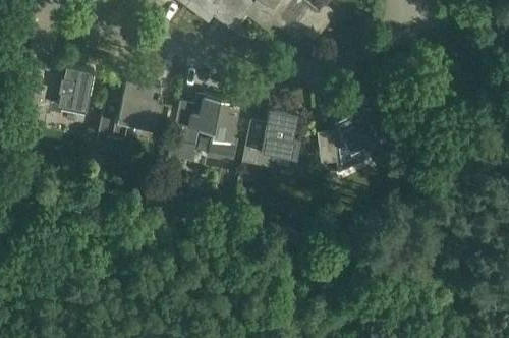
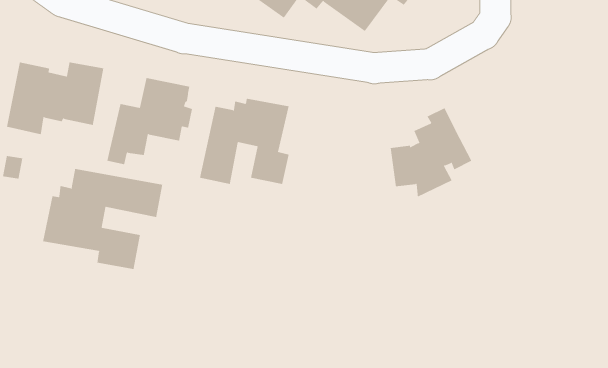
building: [242,107,309,170] -> none
building: none -> [42,168,163,270]

